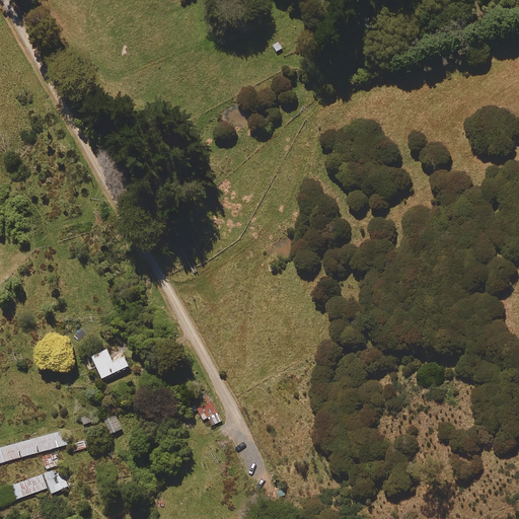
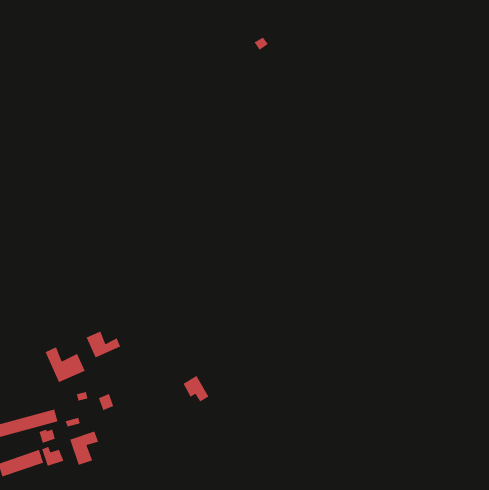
building: none -> [45,346,86,383]
building: none -> [69,431,99,466]

